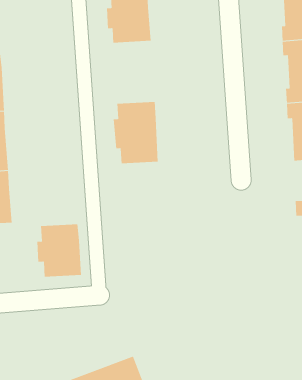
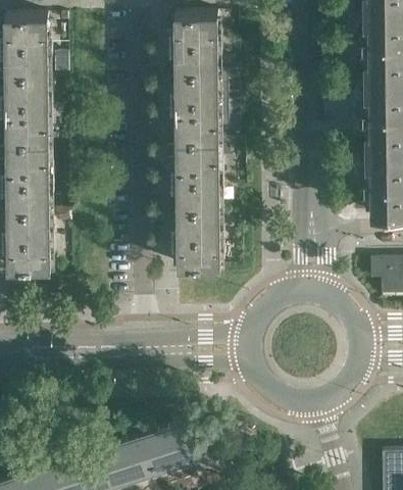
building: none -> [170,72,219,141]
building: [37,224,82,277] -> [171,209,220,267]

